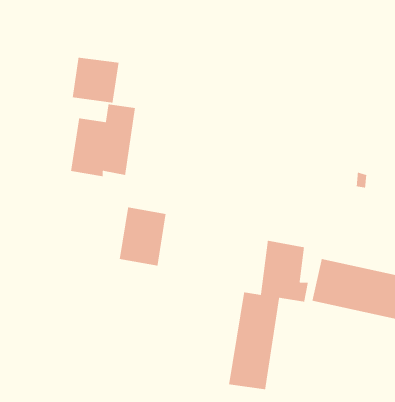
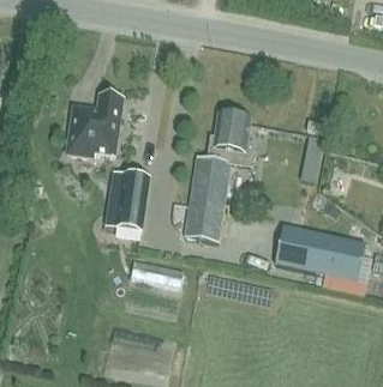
building: [72,57,119,103] -> none
building: [228,240,309,390] -> [184,109,253,238]

